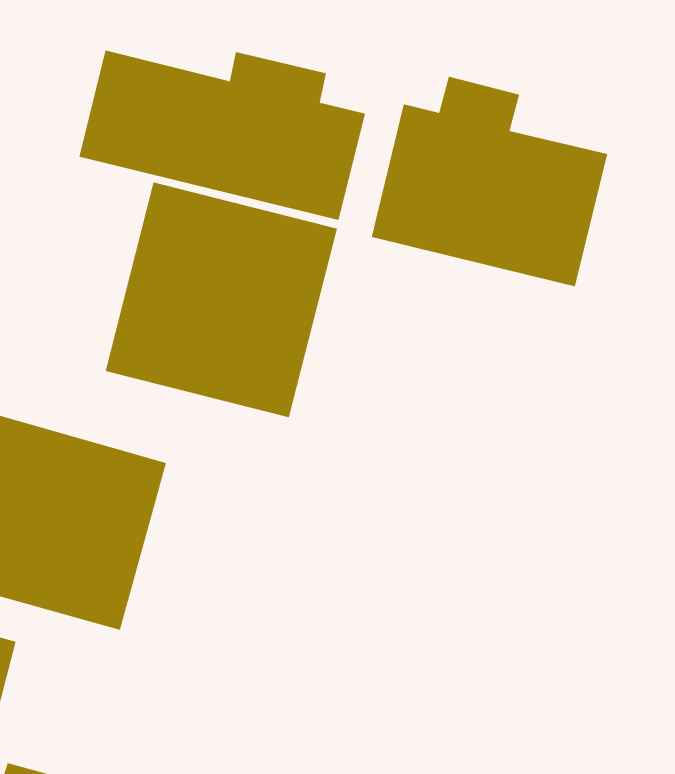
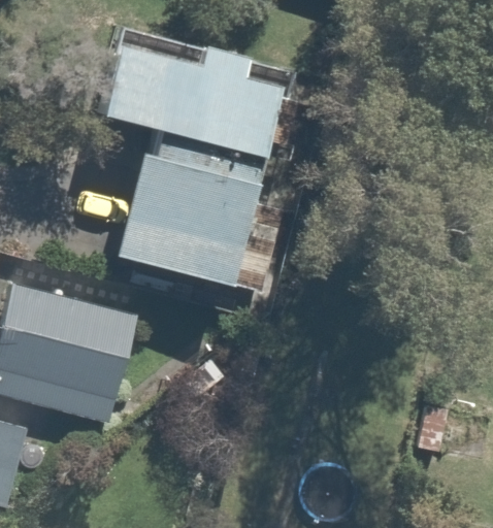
building: [371,76,608,287] -> none

